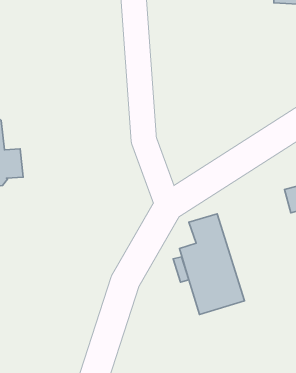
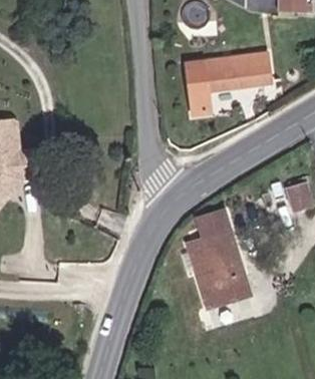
building: none -> [187,53,269,114]

